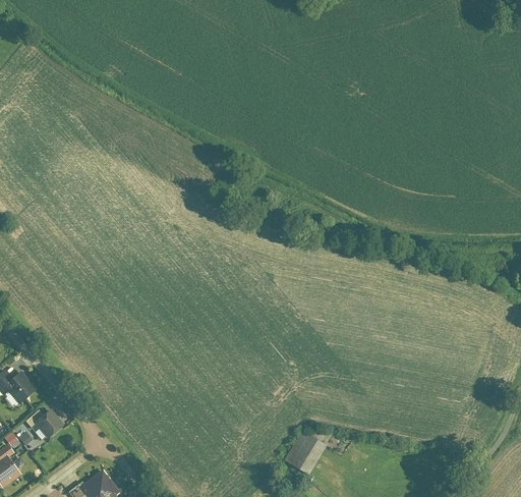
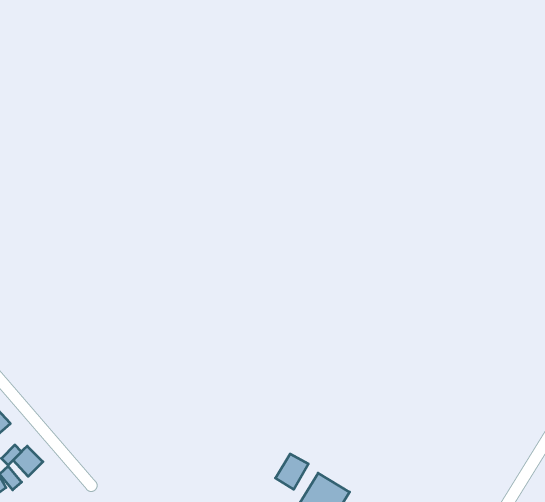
building: none -> [275,454,308,489]

